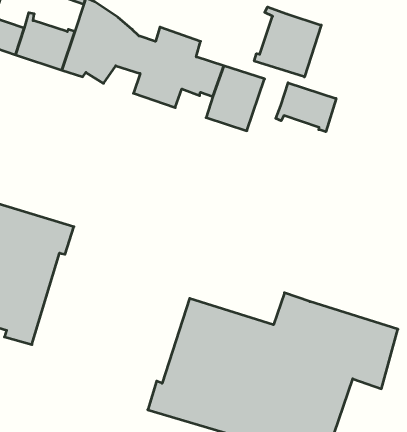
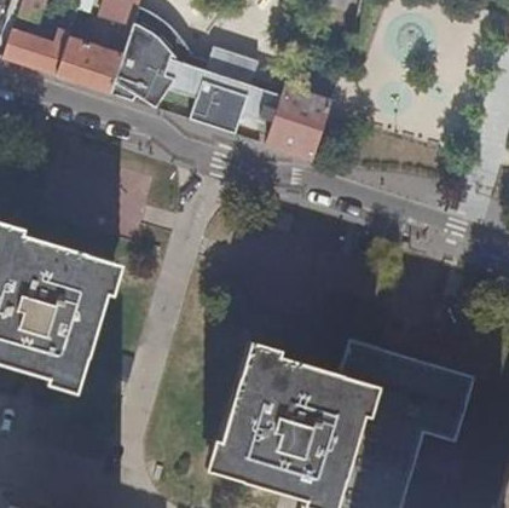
building: [254,7,321,77] -> none
building: [276,83,336,132] -> none

